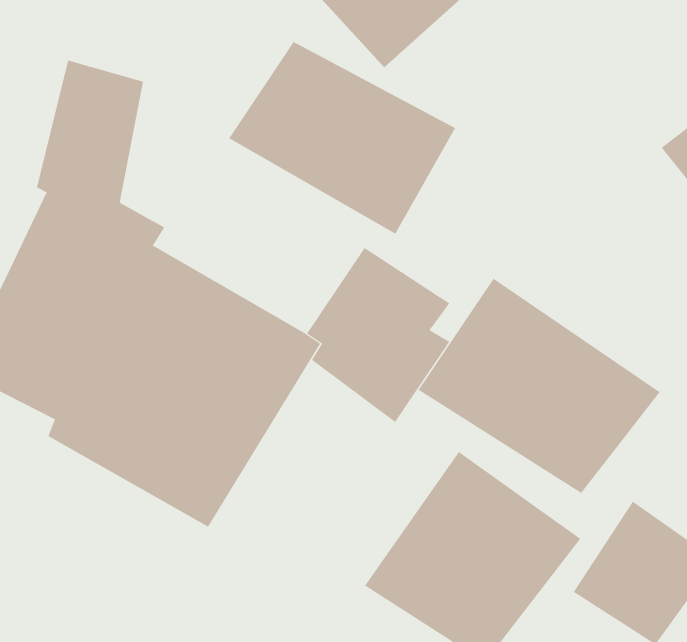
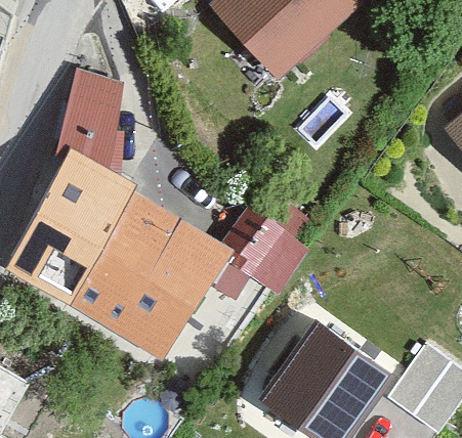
building: [229,41,456,234] -> none
building: [418,278,661,494] -> none

